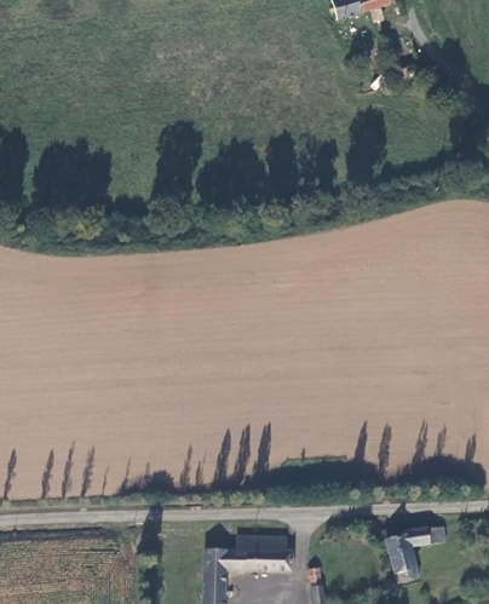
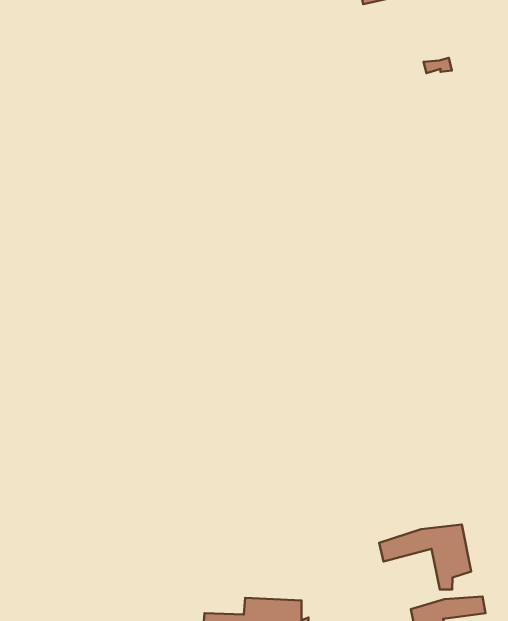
building: none -> [379,524,471,590]

